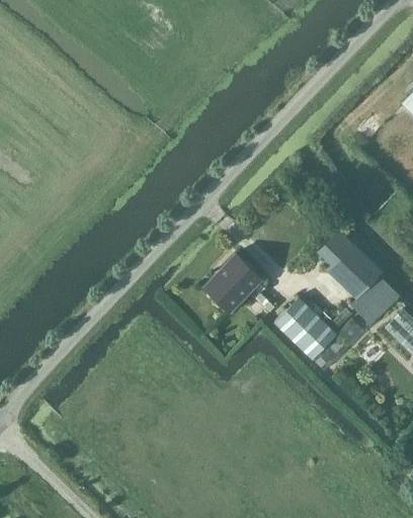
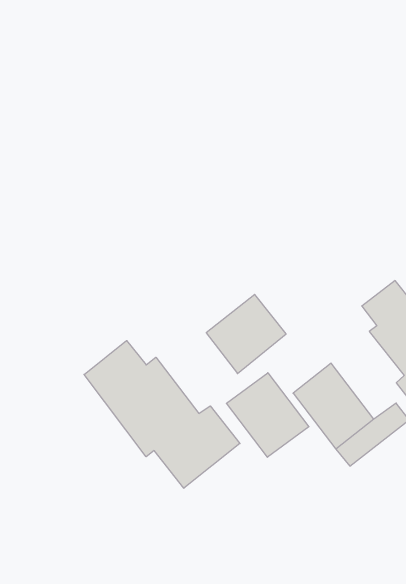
building: none -> [84,341,240,488]
building: none -> [226,373,309,457]

